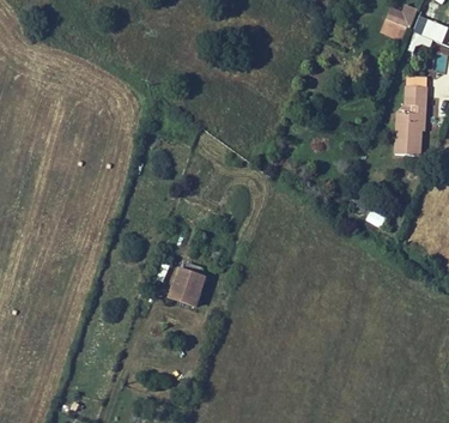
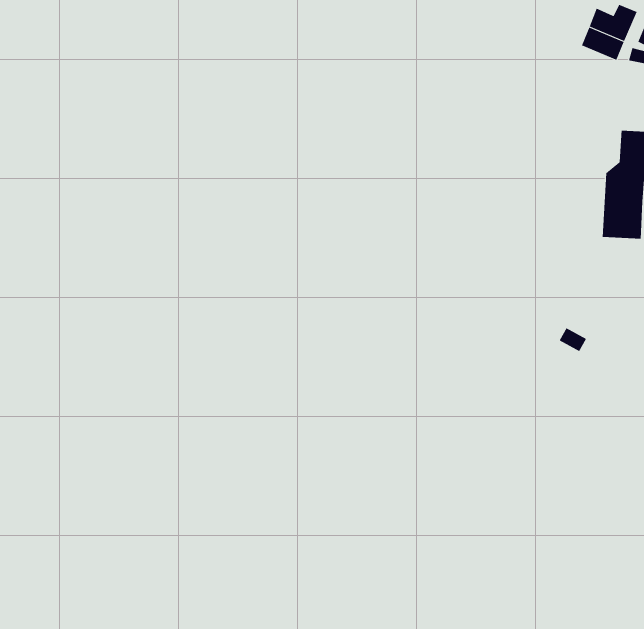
building: [170,270,206,307] -> none

